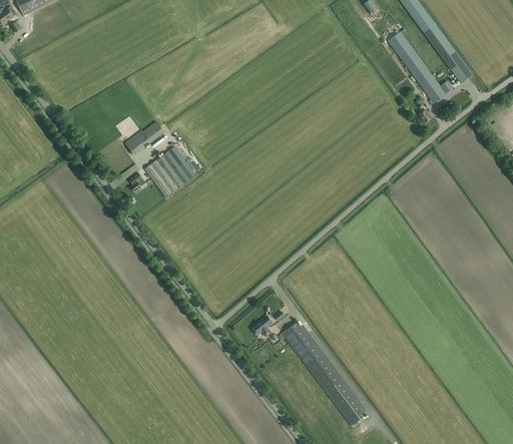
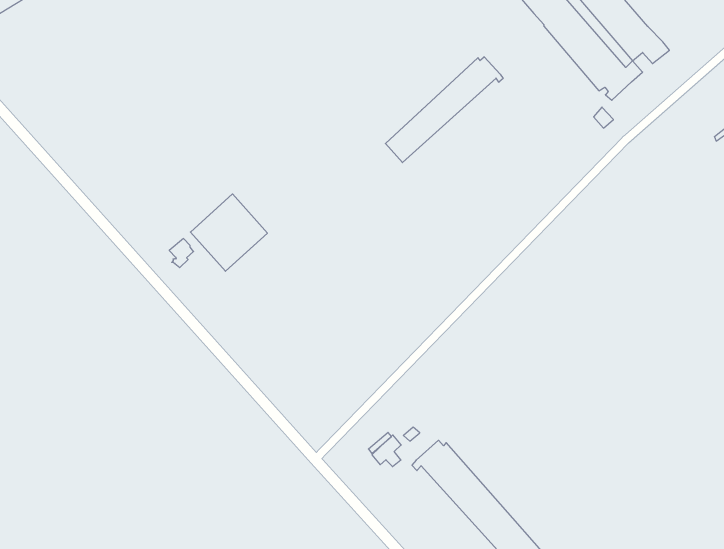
building: none -> [385,57,503,163]
building: [125,120,164,154] -> none

